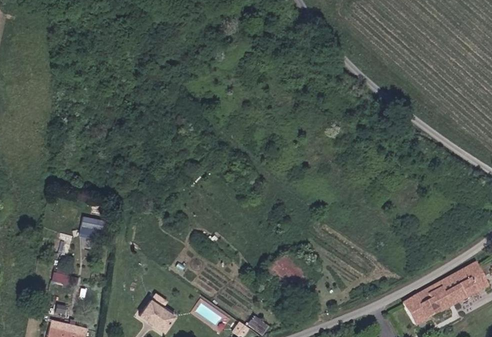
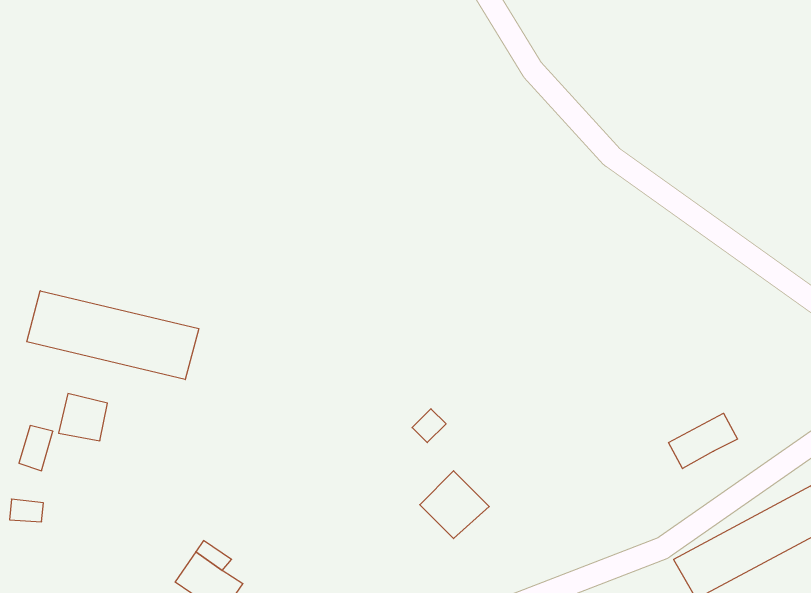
building: none -> [27,291,199,380]
building: none -> [669,413,738,469]

